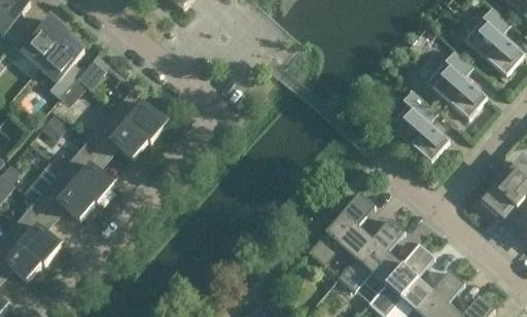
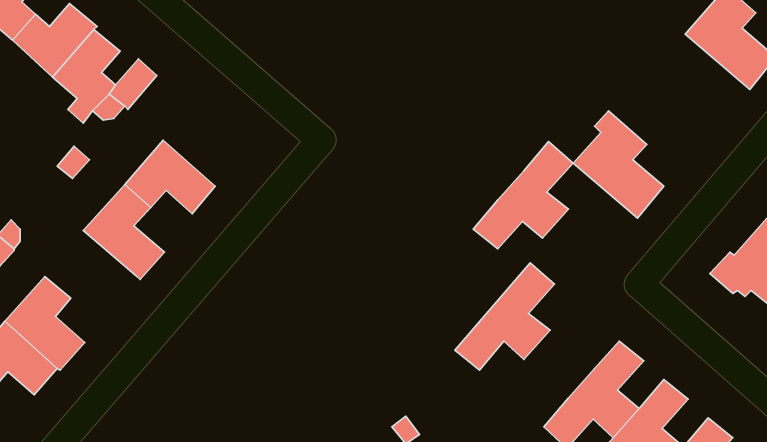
building: [426,50,487,119] -> none
building: [113,92,167,143] -> none
building: [34,171,96,220] -> none
building: [339,218,406,290] -> [473,142,573,249]

